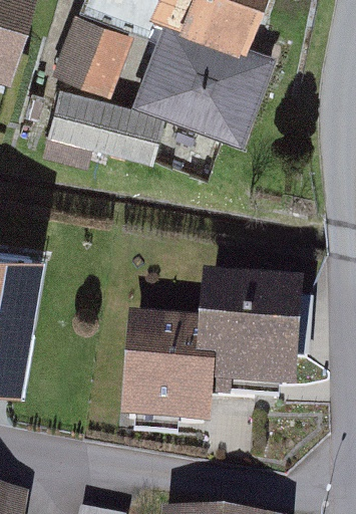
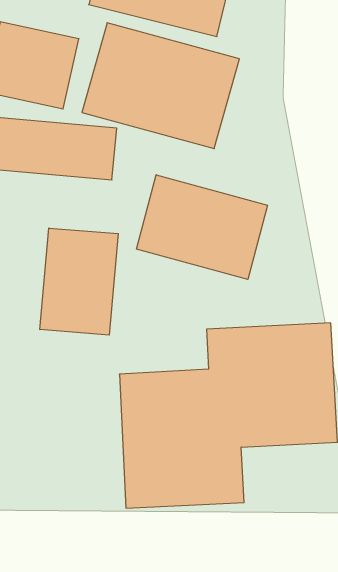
building: none -> [137,175,268,279]
building: none -> [40,228,118,335]

